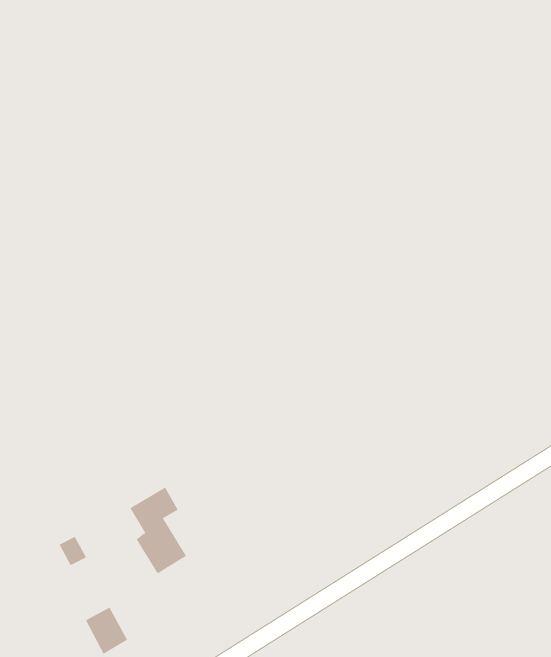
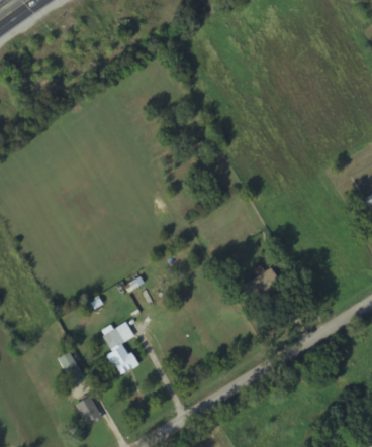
building: none -> [246,263,277,298]

